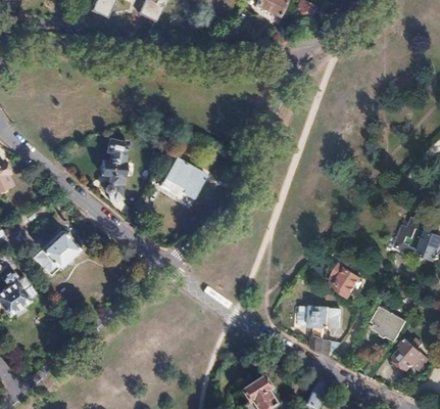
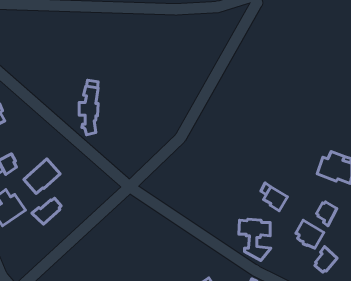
building: [159,158,205,199] -> none
building: none -> [32,198,61,224]
building: none -> [316,202,337,226]

